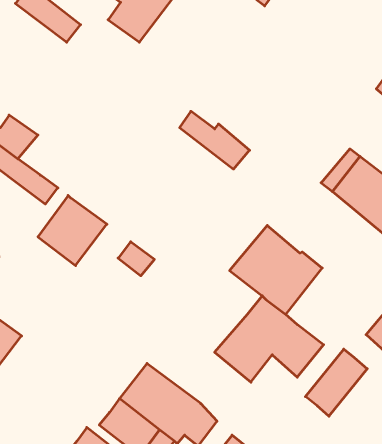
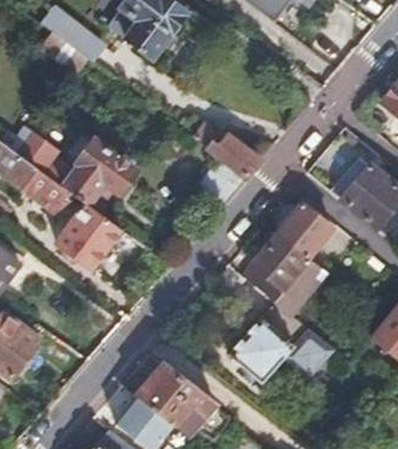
building: none -> [59,134,138,206]
building: none -> [277,199,337,259]
building: [305,349,367,416] -> none

